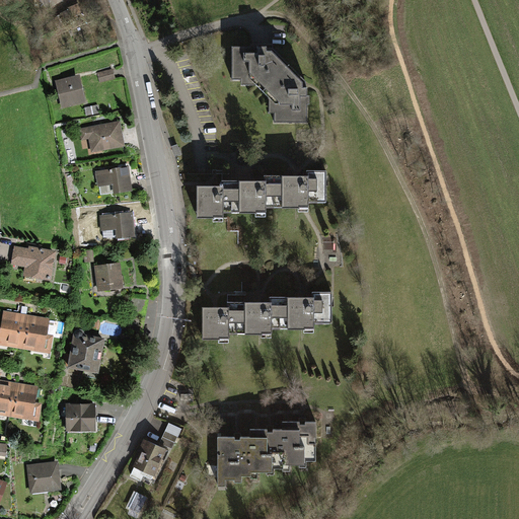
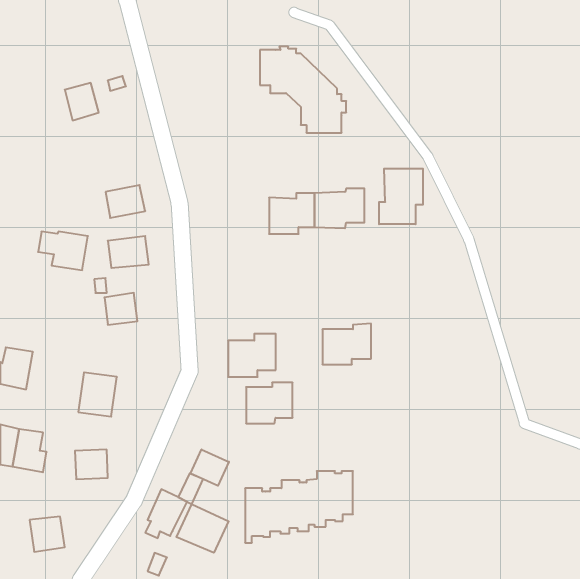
building: [77,121,122,156] -> none
building: none -> [379,169,423,224]
building: [198,177,240,216] -> none
building: [10,246,55,281] -> [38,232,88,270]
building: [246,295,288,331] -> [246,383,293,423]
building: [23,315,53,354] -> none
building: none -> [191,449,229,486]
building: none -> [176,504,229,553]

